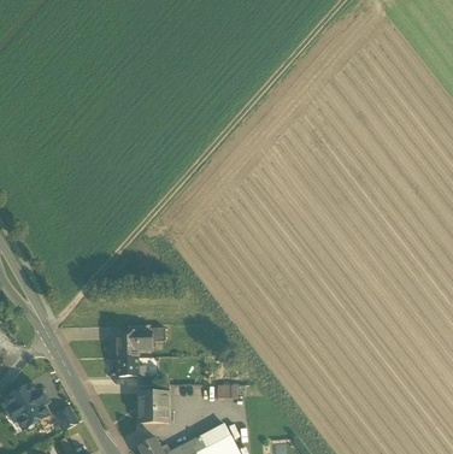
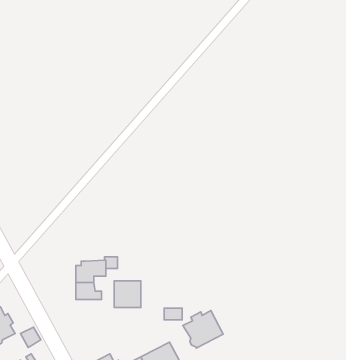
building: none -> [183,310,223,348]
building: [139,394,169,424] -> [114,281,141,307]

